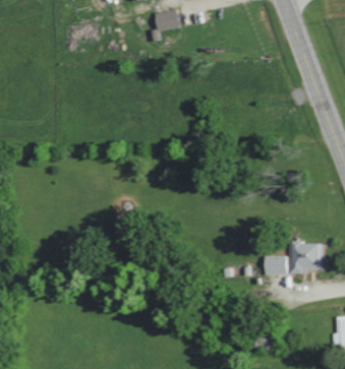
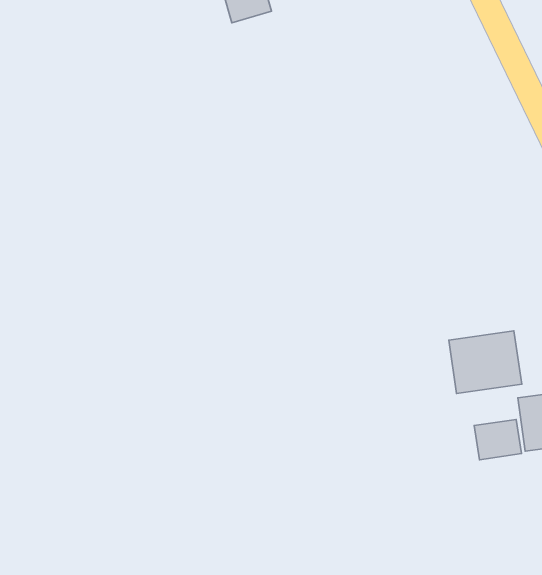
building: none -> [449,331,522,394]

